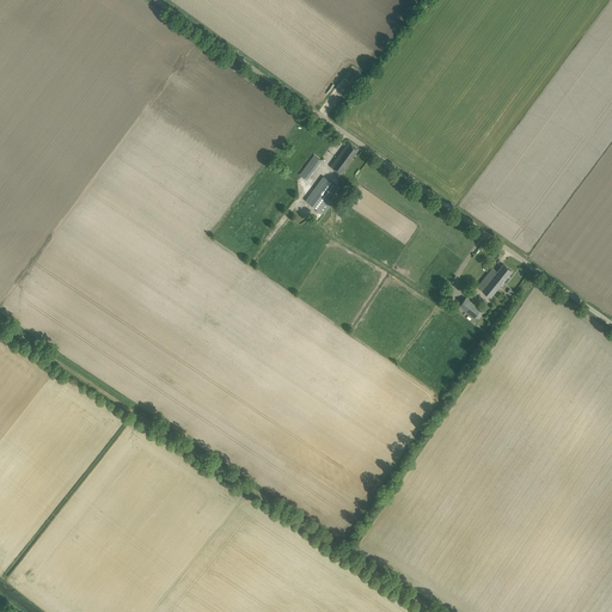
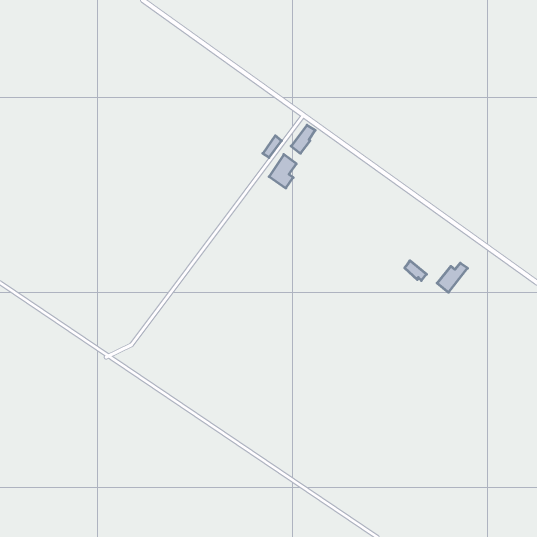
building: [477,264,512,298] -> [437,263,468,292]

